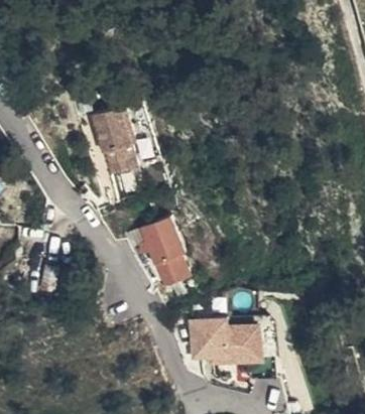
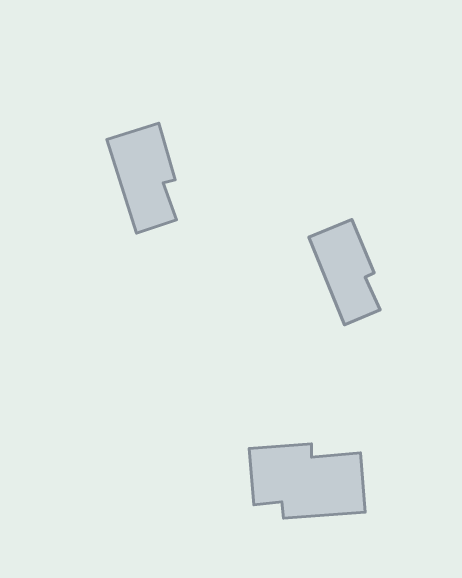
building: [138,212,187,283] -> [309,219,380,325]

